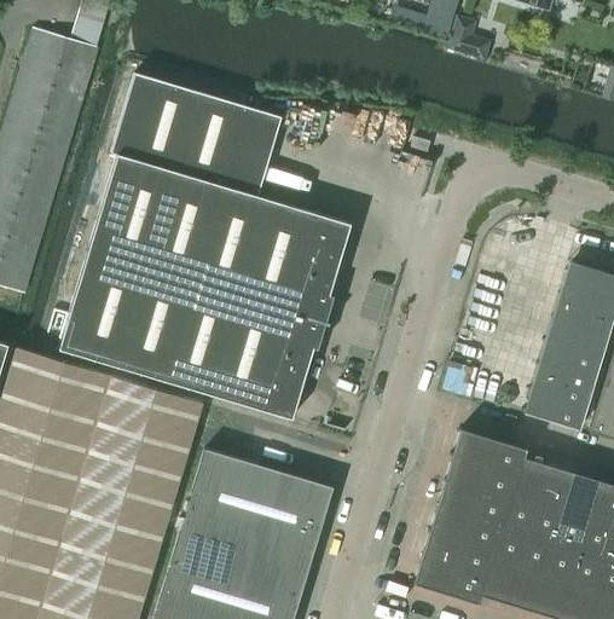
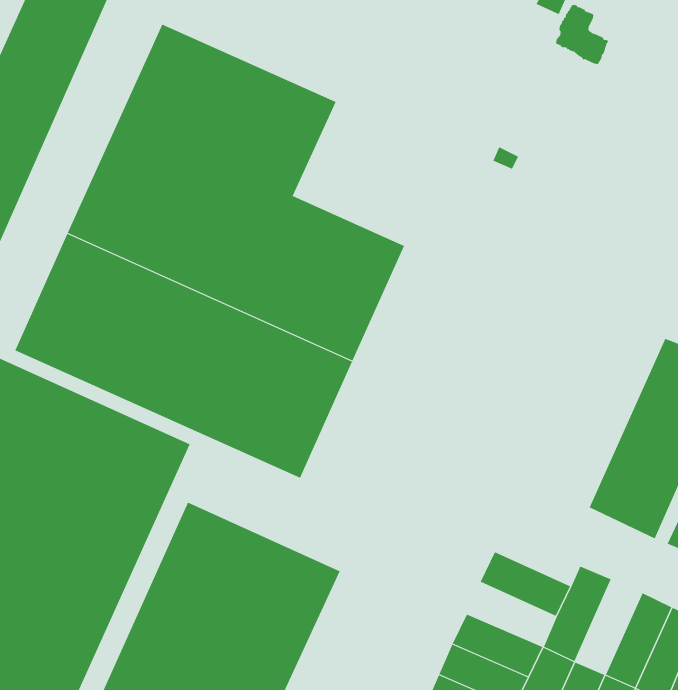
building: [453,430,526,476] -> none
building: [528,467,574,543] -> none
building: [438,482,509,527] -> none

